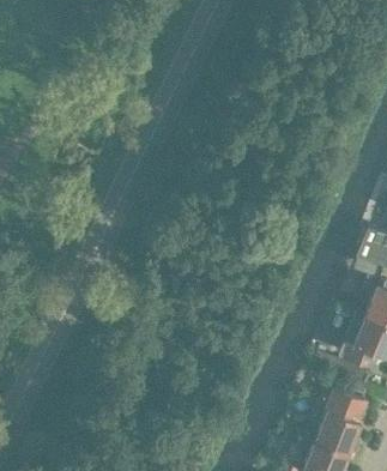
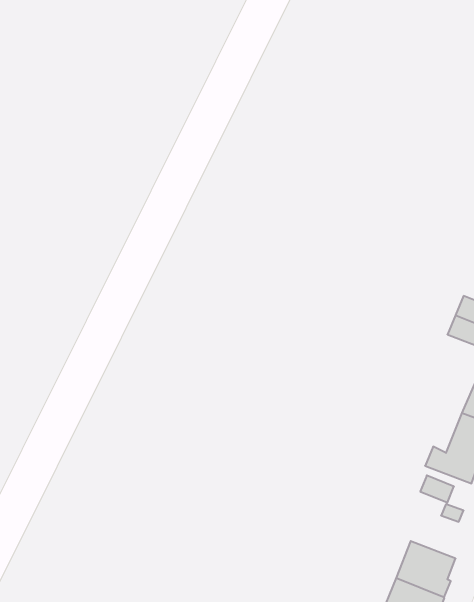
building: [327,388,368,422] -> none

